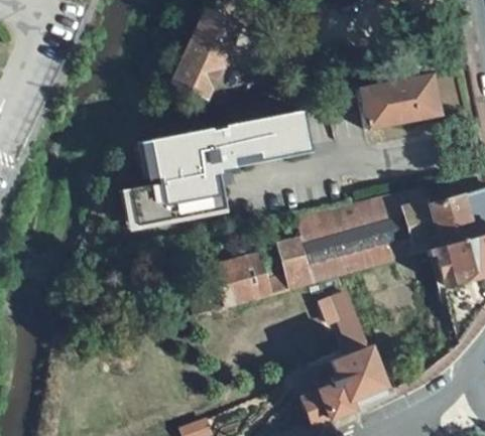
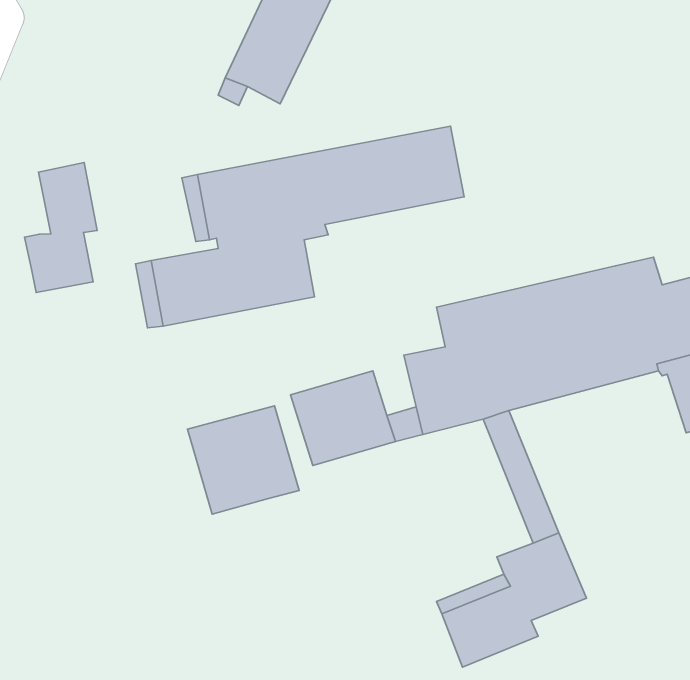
building: [358,74,440,130] -> none
building: none -> [25,162,97,292]
building: none -> [188,406,299,514]

